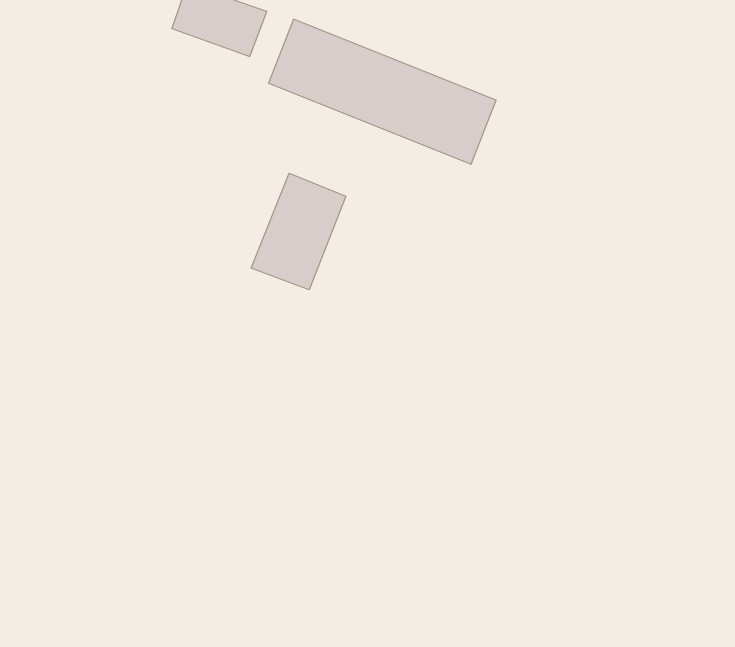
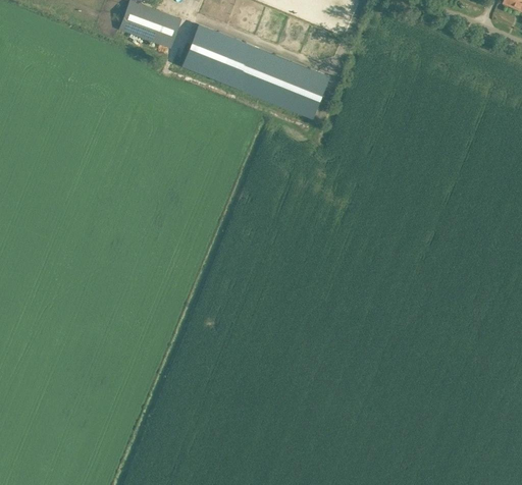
building: [251,173,346,290] -> none

